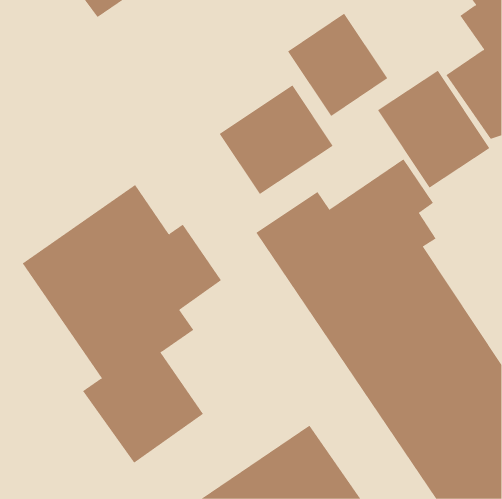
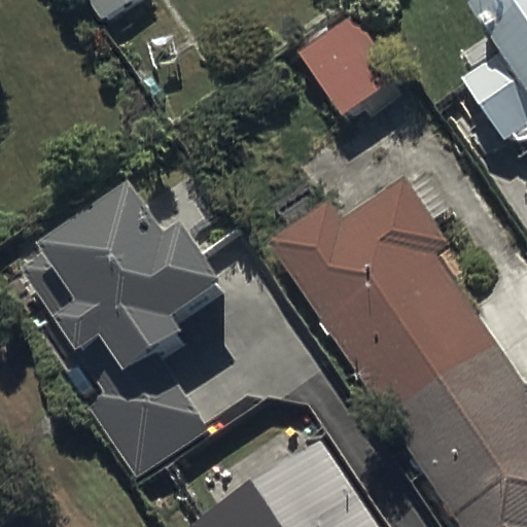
building: [377,70,490,189] -> none
building: [219,85,334,195] -> none

